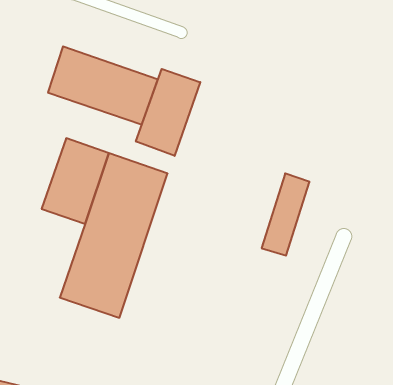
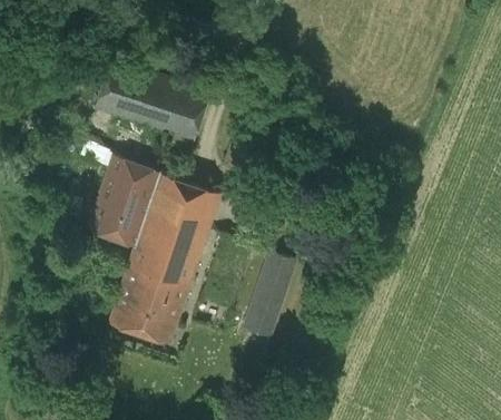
building: [136,69,200,156] -> none
building: [262,173,310,256] -> [244,253,294,339]

